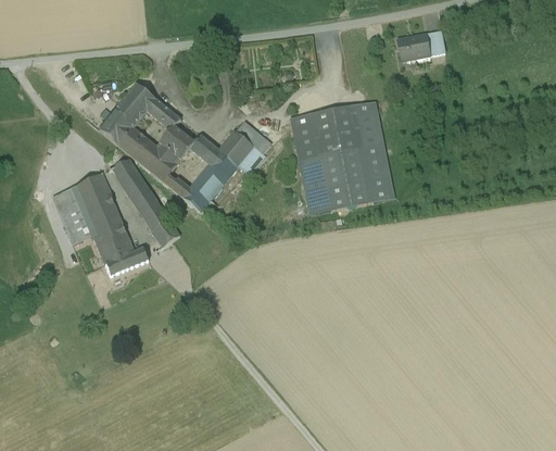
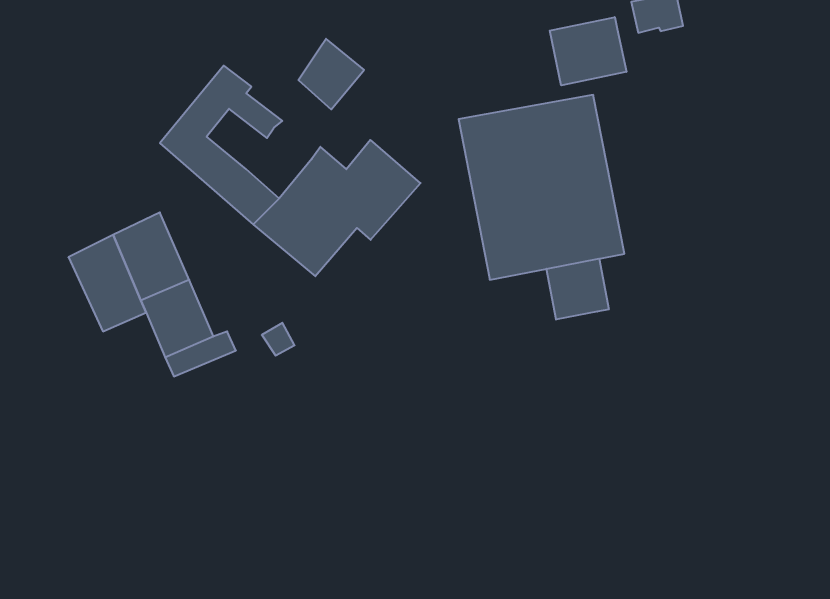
building: none -> [550,17,626,85]
building: [155,118,197,163] -> [298,39,364,109]
building: [109,156,179,247] -> none
building: none -> [546,259,609,320]

